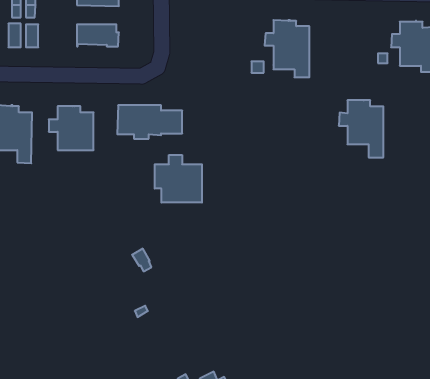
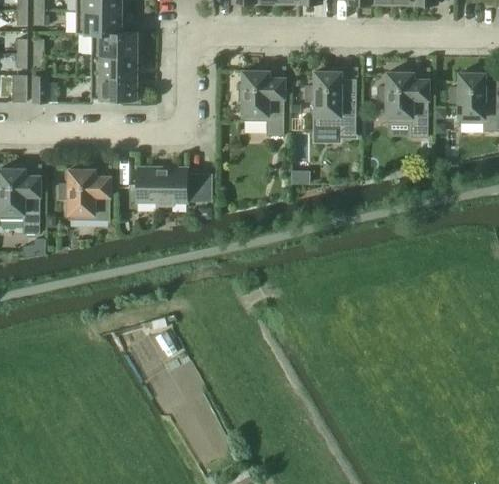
building: none -> [91,54,139,76]
building: none -> [239,70,284,136]
building: [339,100,383,157] -> [377,72,428,137]
building: [155,155,202,203] -> none

